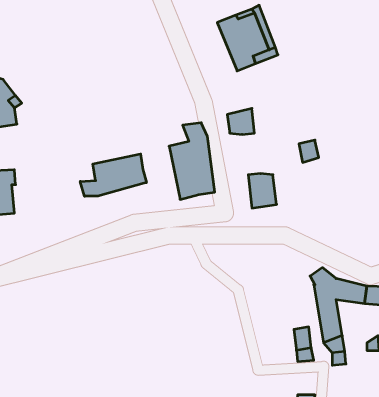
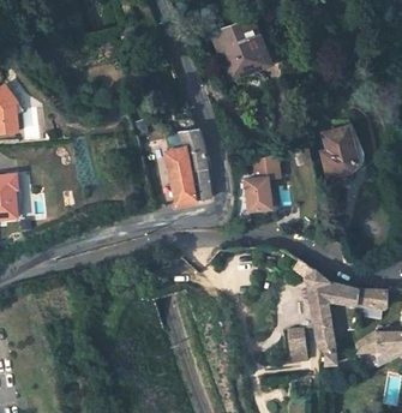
building: [227,108,254,134] -> [252,155,278,180]
building: none -> [320,127,355,178]
building: [80,154,146,196] -> none

